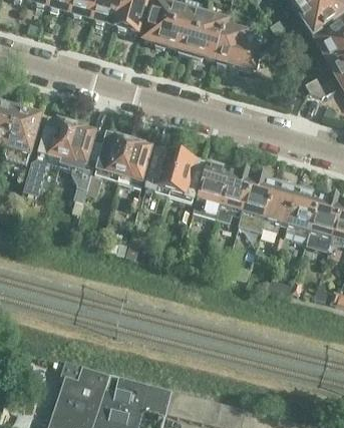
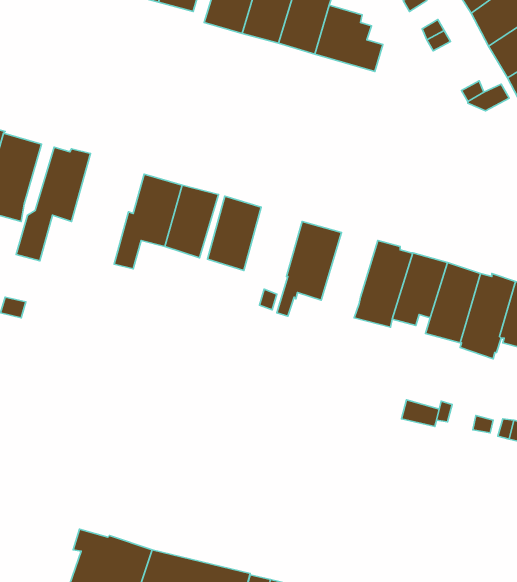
building: [59,121,95,204] -> none
building: [168,155,203,202] -> none
building: [217,171,254,223] -> none

